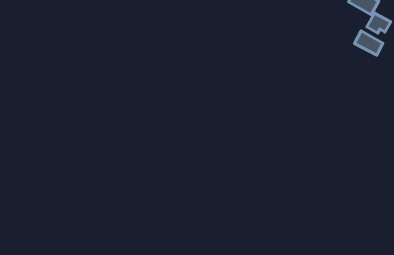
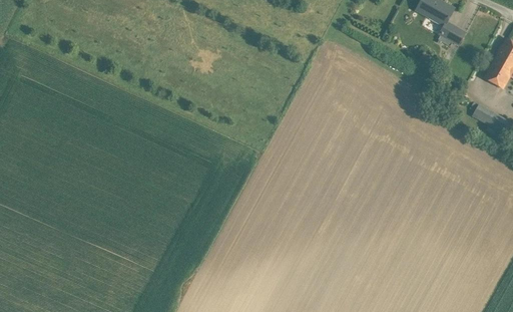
building: [354,31,383,55] -> none

